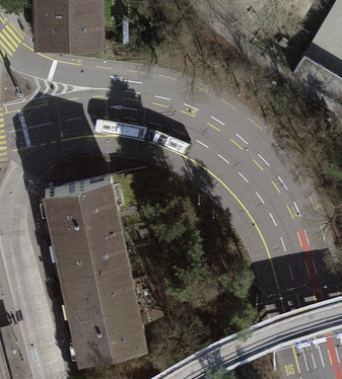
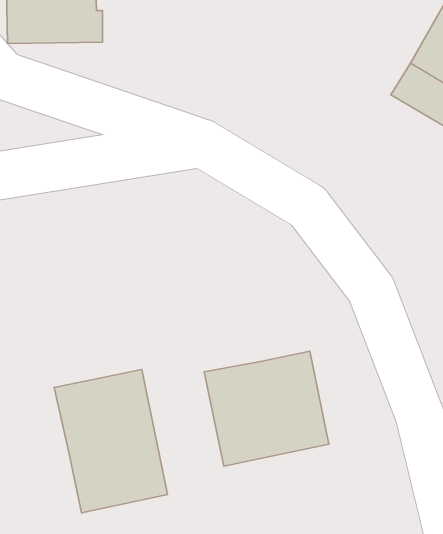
building: [49,181,126,280] -> none
building: none -> [204,351,329,466]

